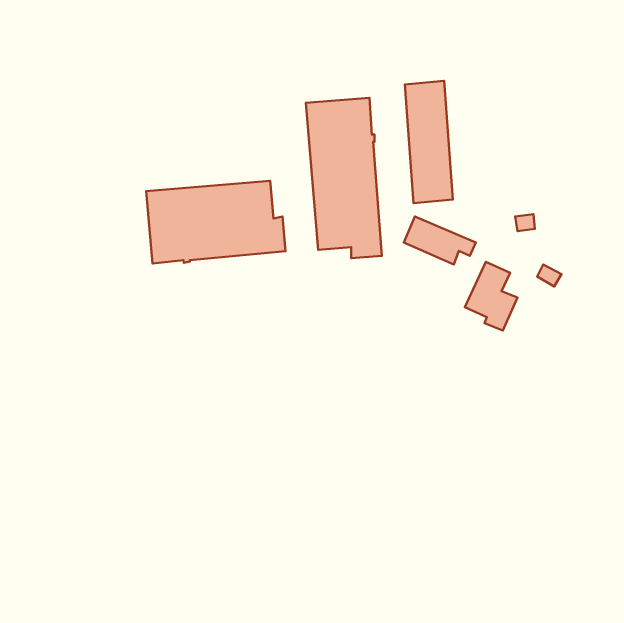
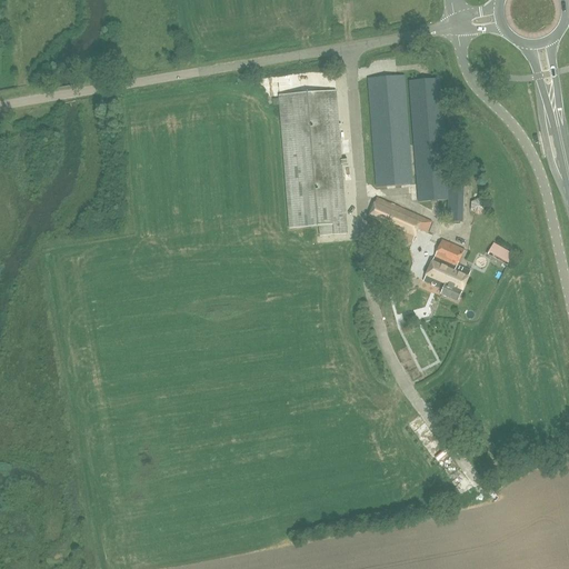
building: none -> [409,77,462,220]
building: [146,181,286,263] -> none

